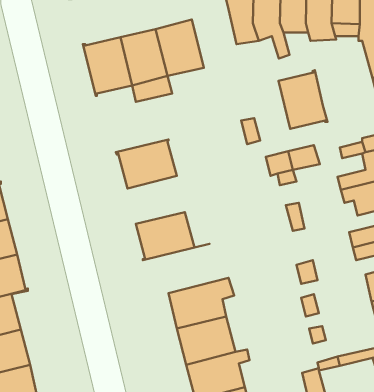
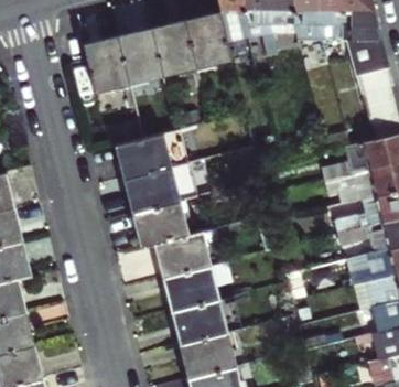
building: [278,70,328,129] -> [185,11,231,66]
building: none -> [125,168,191,213]
building: none -> [139,227,224,278]

